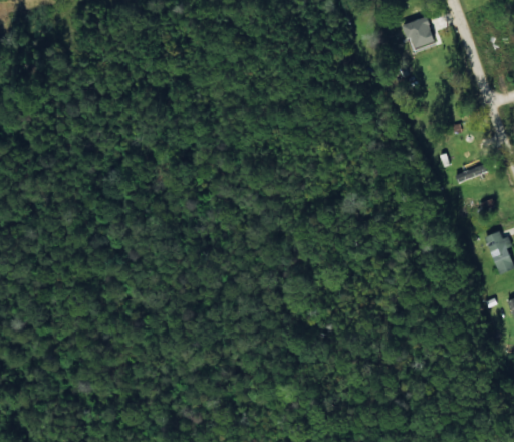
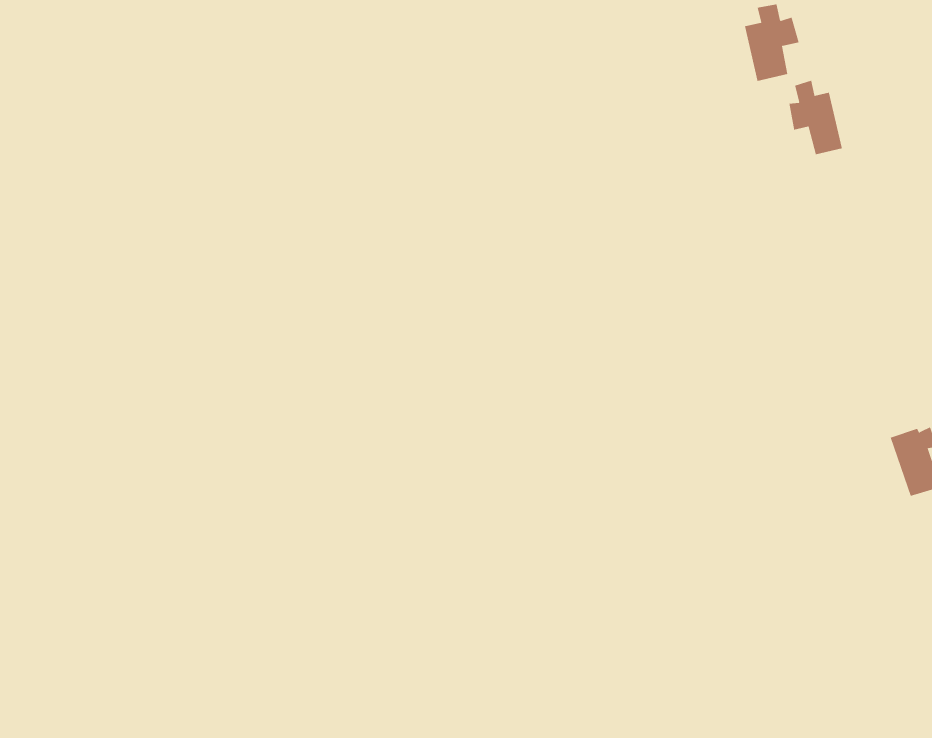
building: none -> [789,80,842,155]

